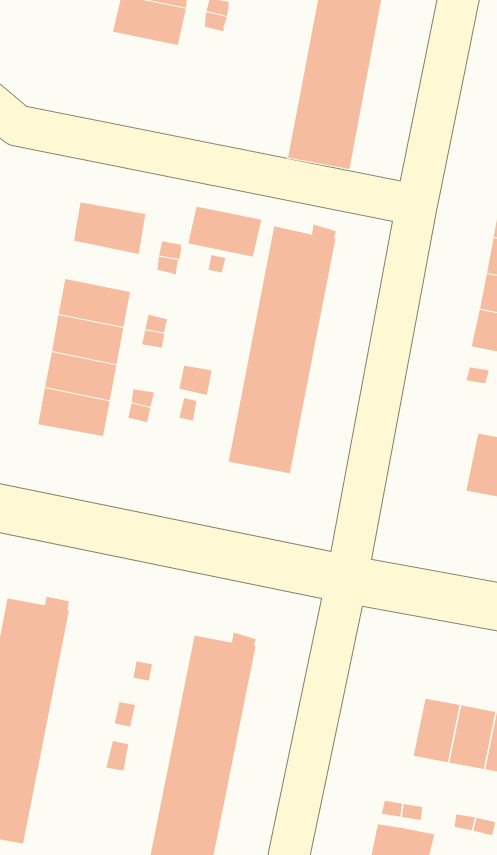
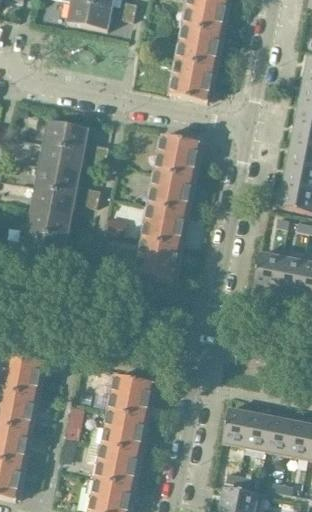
building: [187,206,262,257] -> [39,142,83,172]
building: none -> [253,251,282,289]
building: none -> [222,406,251,445]

